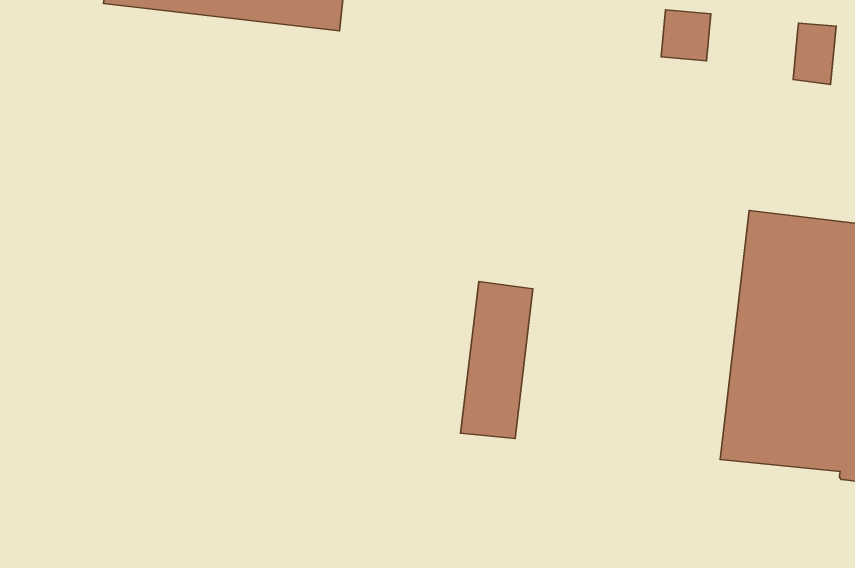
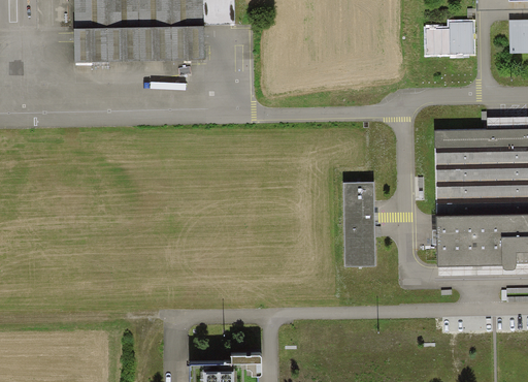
building: [661,10,711,61] -> [426,28,452,55]
building: [461,282,533,438] -> [345,183,376,266]

